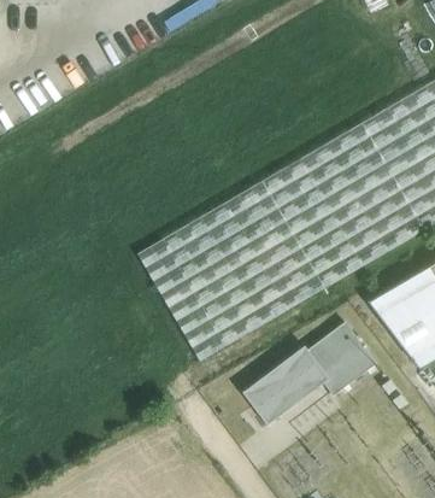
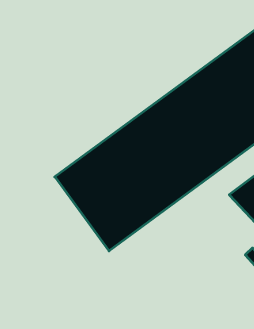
building: [245,320,377,423] -> none

